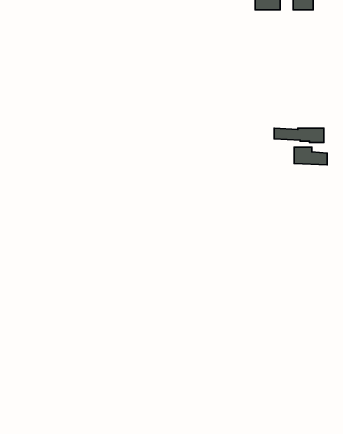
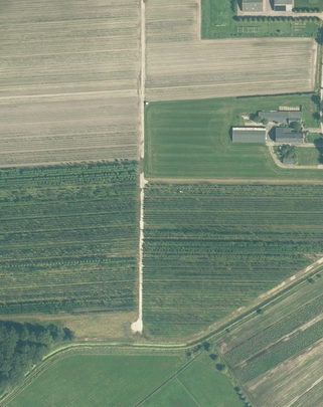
building: none -> [231,128,265,142]

